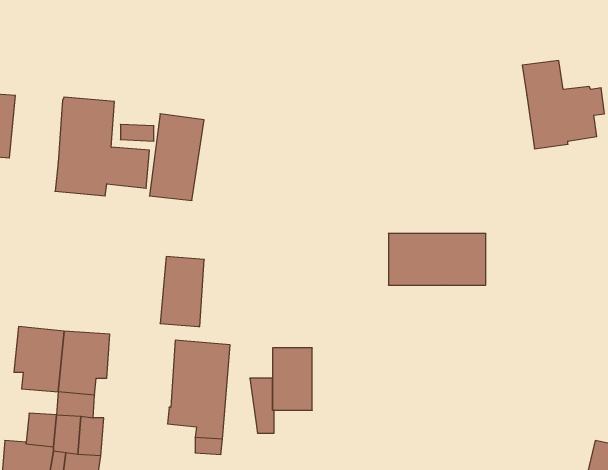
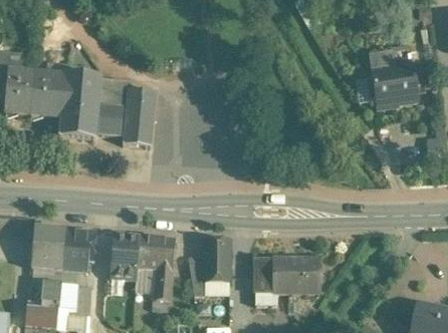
building: none -> [29,74,64,118]
building: [388,233,486,285] -> [253,259,317,293]
building: [160,257,204,326] -> [109,234,139,280]

